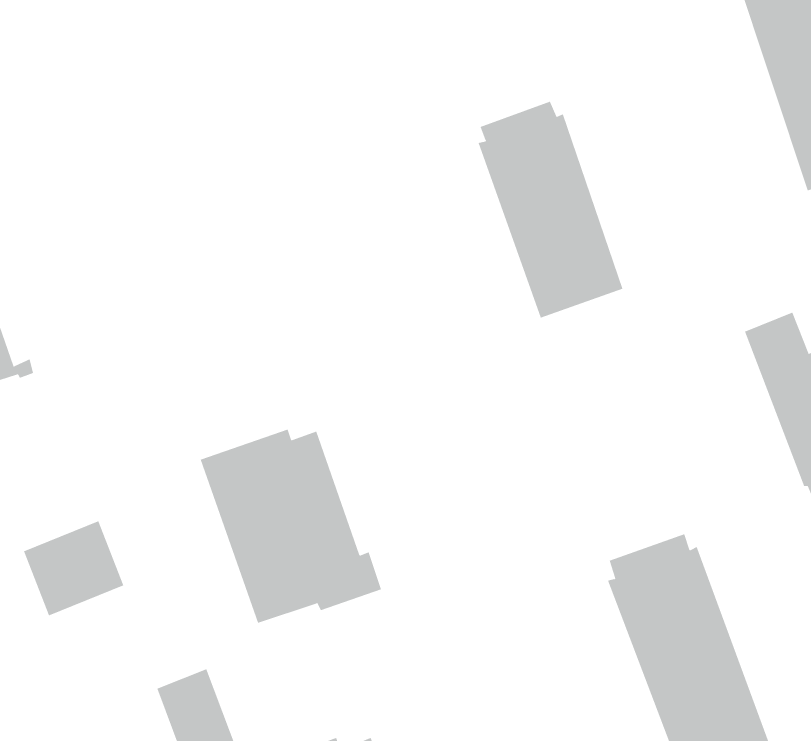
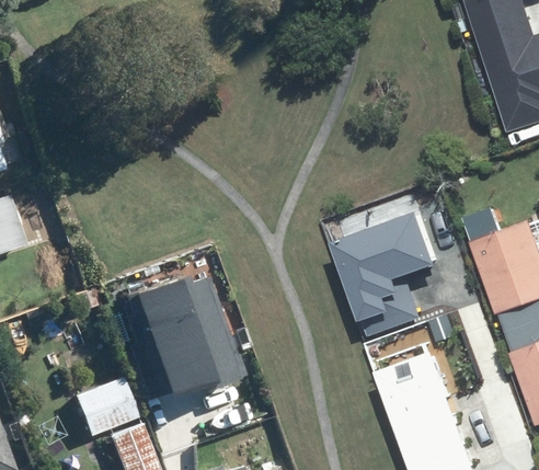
building: [478,101,623,319] -> none
building: none -> [326,213,432,337]
building: [23,521,124,616] -> [76,377,137,435]

